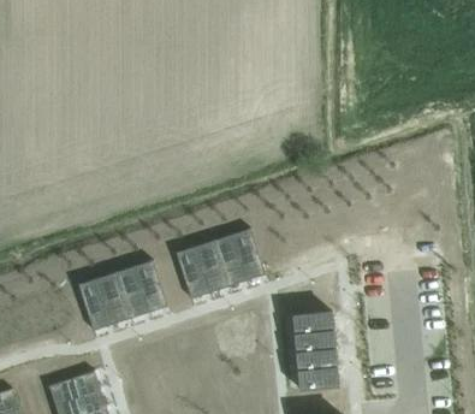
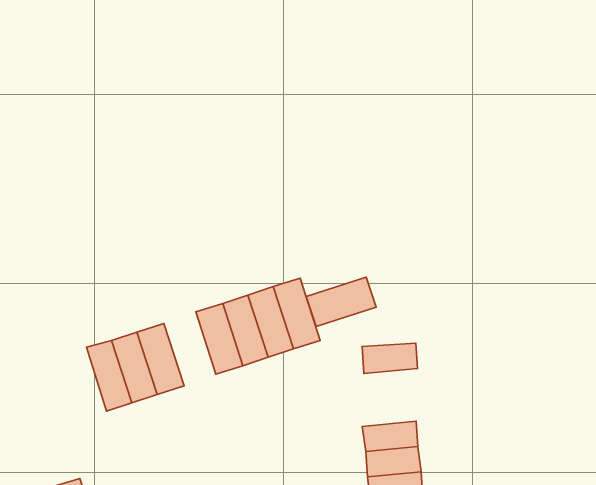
building: none -> [306,277,376,327]
building: [78,278,112,330] -> none
building: [293,313,333,335] -> [362,343,418,374]

